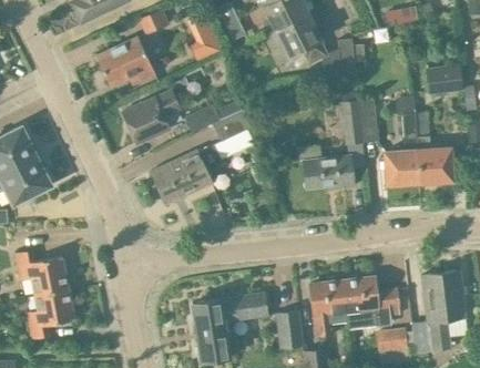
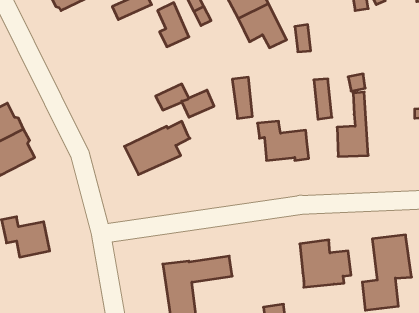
building: [95,37,154,85] -> none
building: [425,65,461,93] -> none
building: [122,90,181,144] -> none
building: [340,100,362,145] -> [232,77,252,118]
building: [413,112,450,183] -> none
building: [310,280,347,337] -> none
building: [27,288,74,339] -> none
building: [275,311,303,349] -> none
building: [375,328,407,351] -> none

